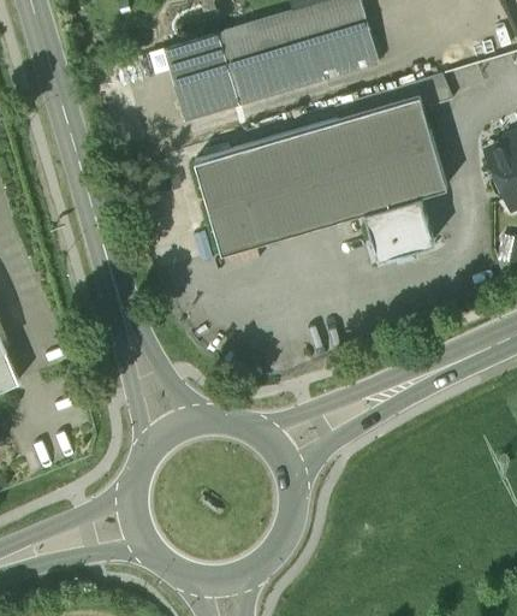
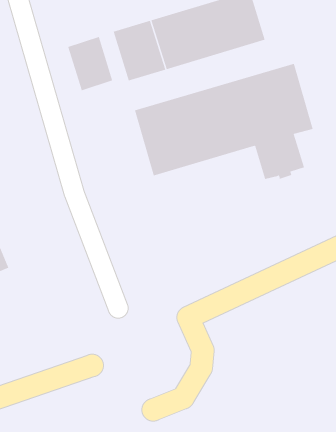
building: none -> [67,36,113,91]

